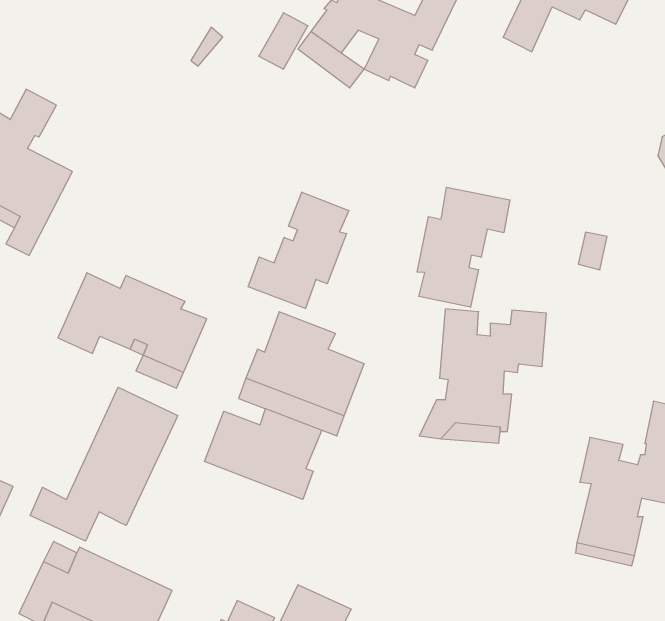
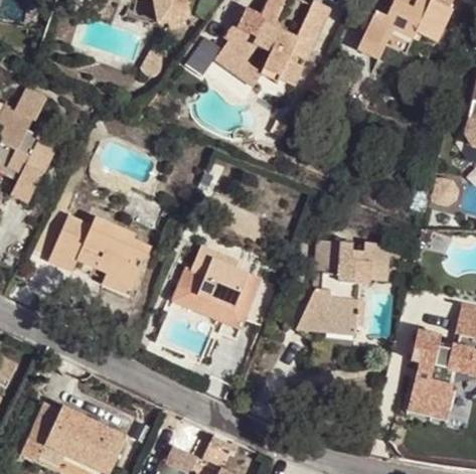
building: [417,187,510,307] -> none
building: [248,192,349,308] -> none
building: [30,387,178,541] -> none
building: [205,409,322,499] -> none

